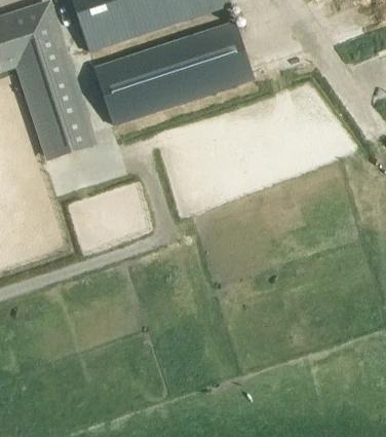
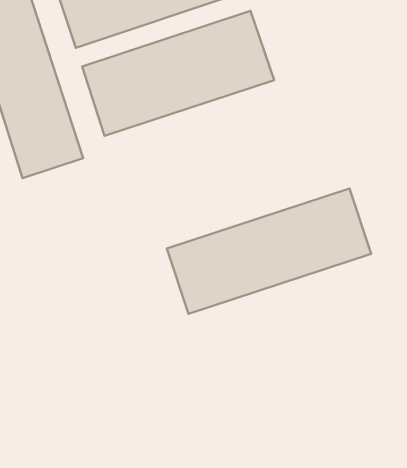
building: none -> [167,188,371,314]

